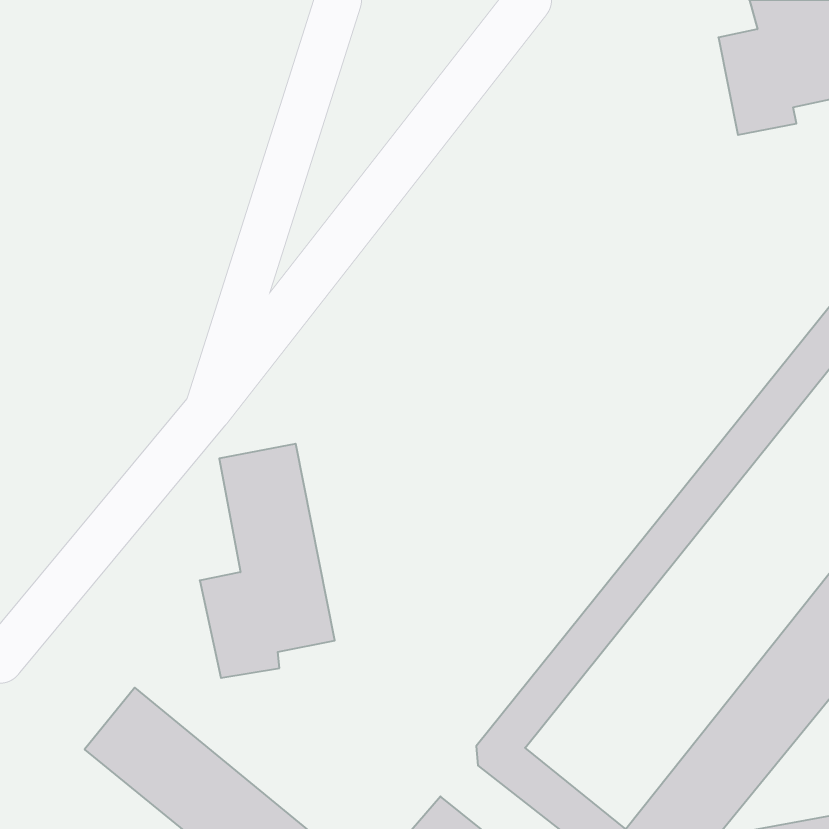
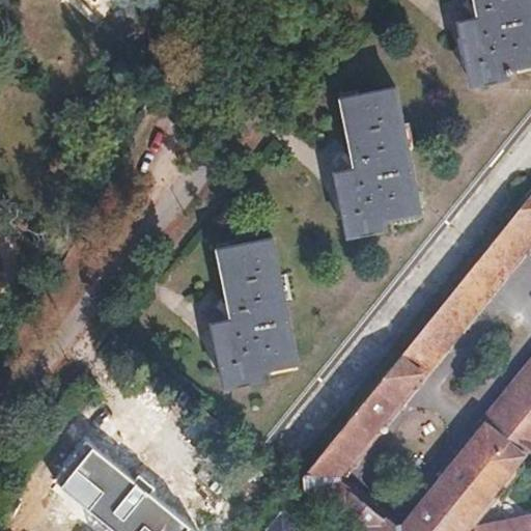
building: none -> [333,87,419,239]
building: [200,444,335,678] -> [208,237,295,387]

